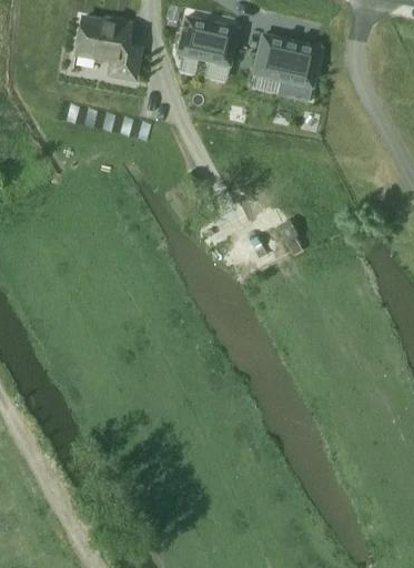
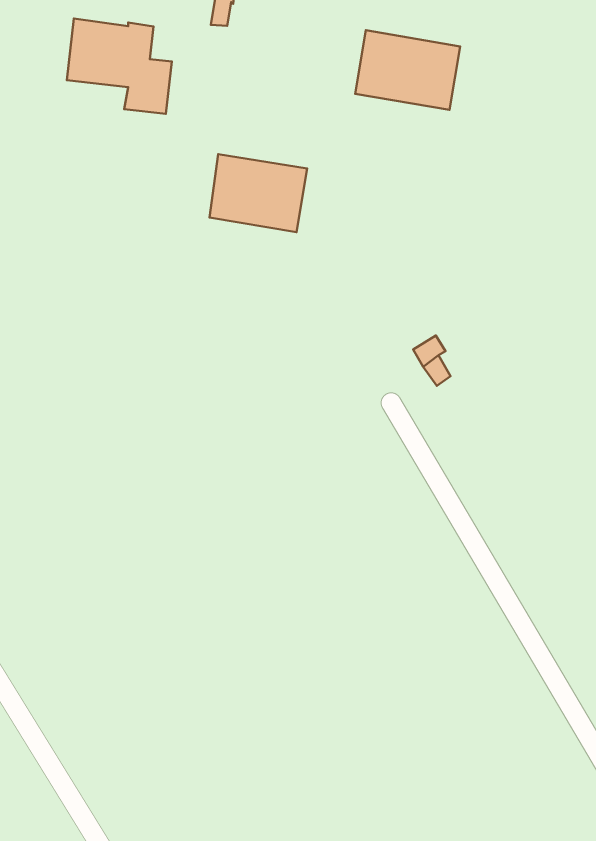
building: [175,16,238,67] -> [209,154,307,232]

